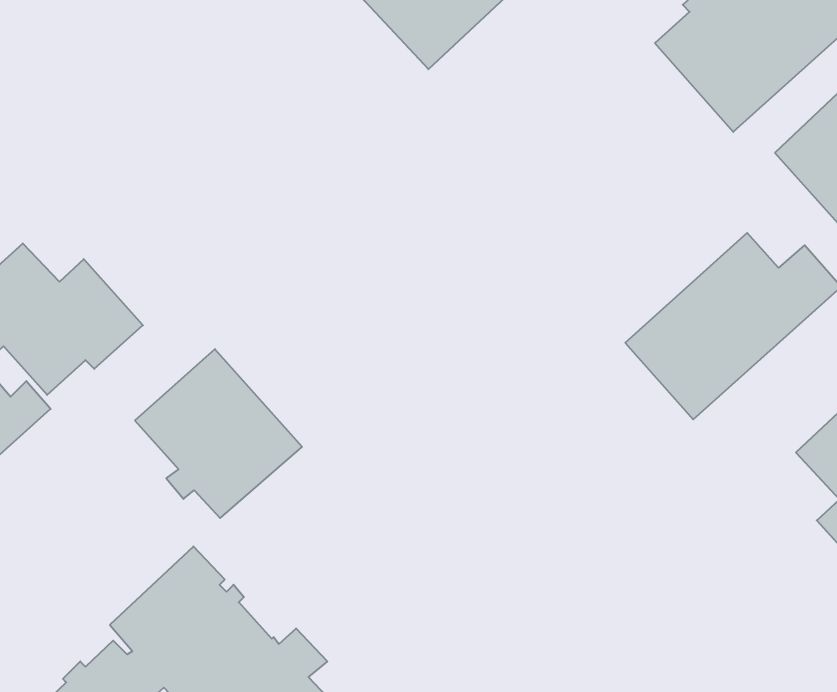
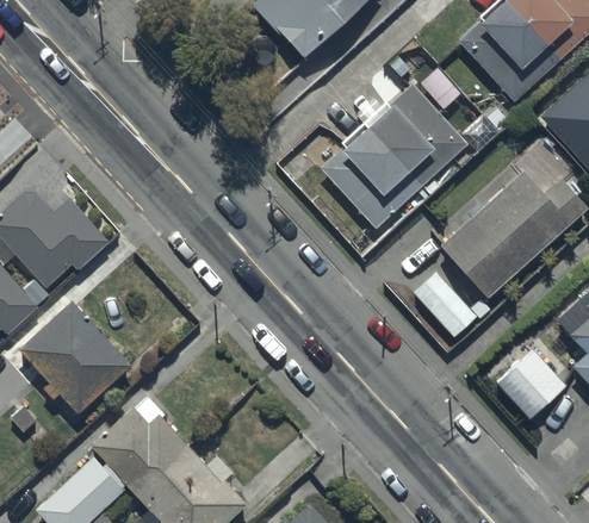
building: none -> [321,86,467,229]
building: [135,349,302,518] -> [18,301,132,417]
building: none -> [413,270,478,340]
building: none -> [502,348,566,413]

